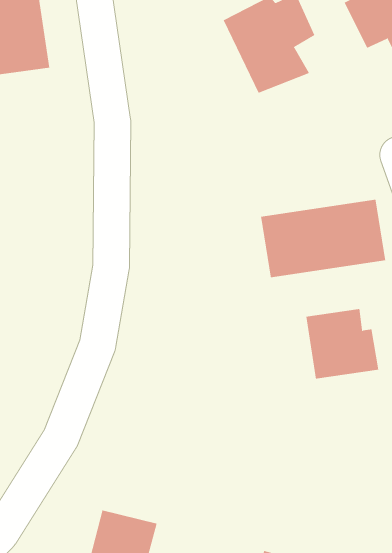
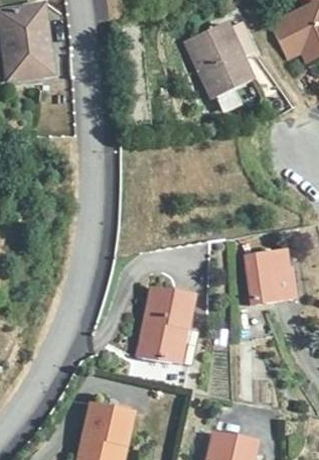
building: [260,199,386,278] -> none
building: none -> [136,285,193,364]

